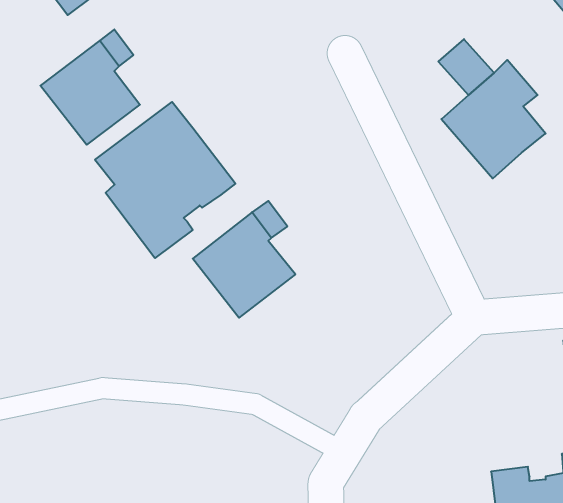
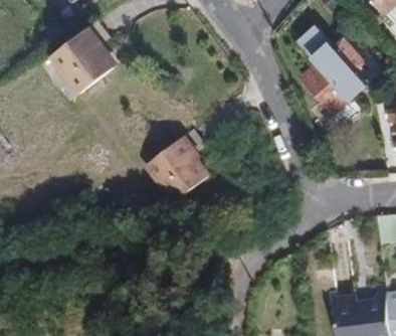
building: [95,102,235,258] -> none

